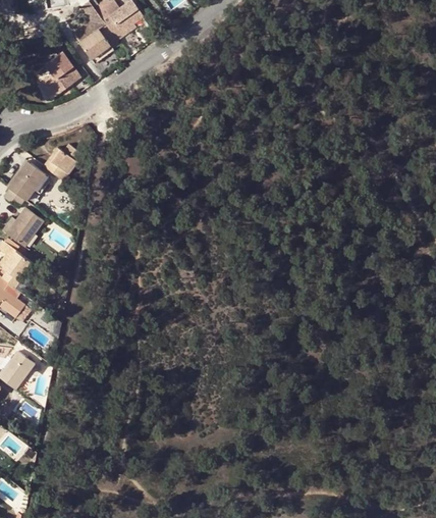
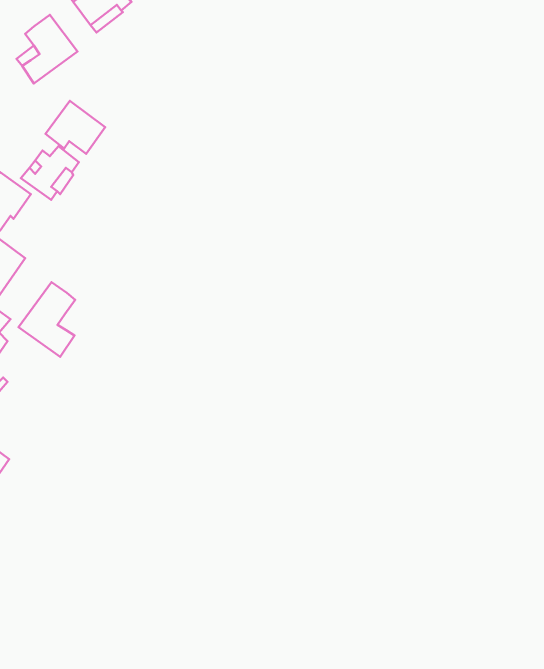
building: none -> [45,101,105,154]
building: none -> [19,282,75,357]

